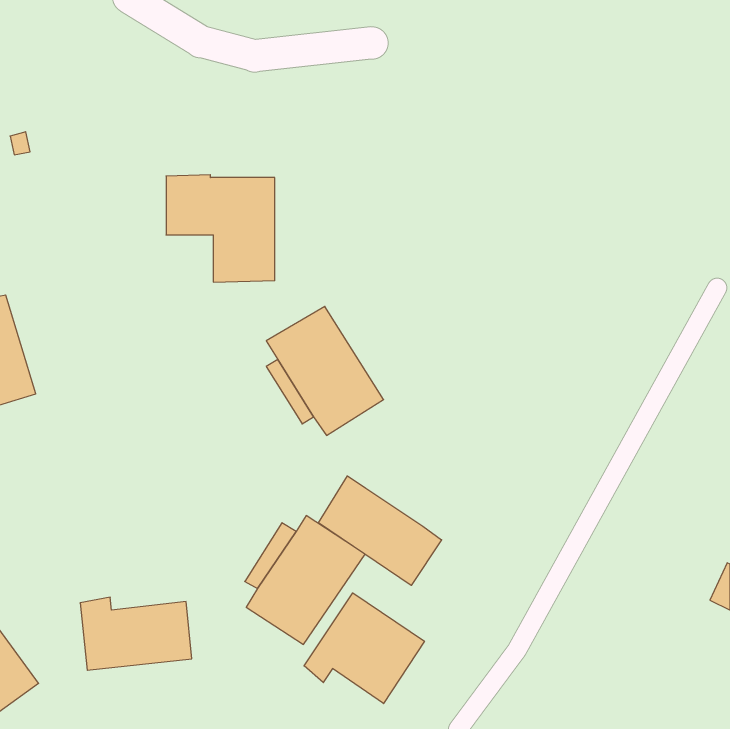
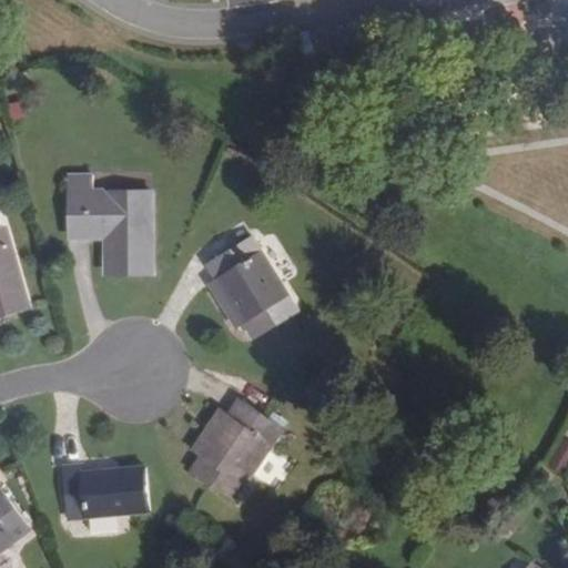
building: [166,175,275,282] -> [68,190,152,273]
building: [318,476,442,585] -> none
building: [304,593,424,704] -> none

